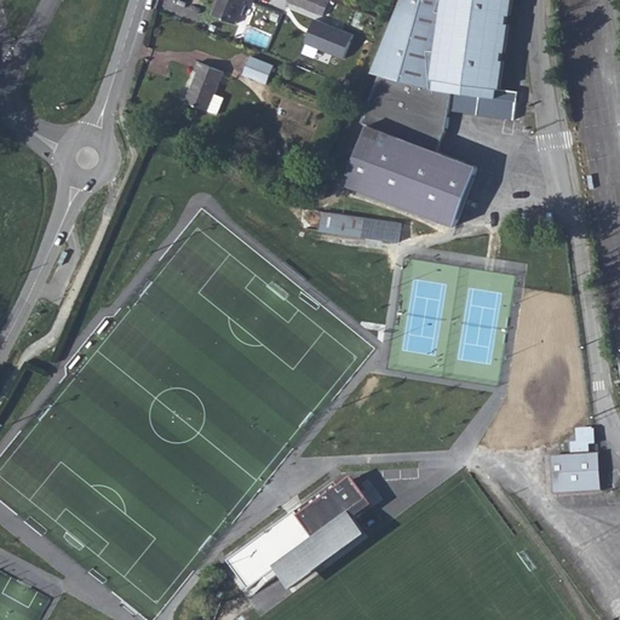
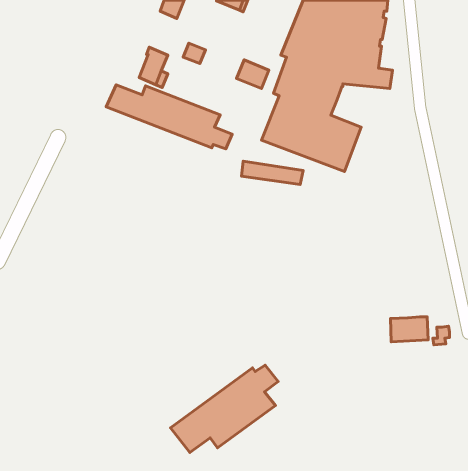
building: [309,22,351,59] -> [237,60,269,89]
building: none -> [106,85,232,149]
building: [547,458,597,490] -> [390,317,428,342]

